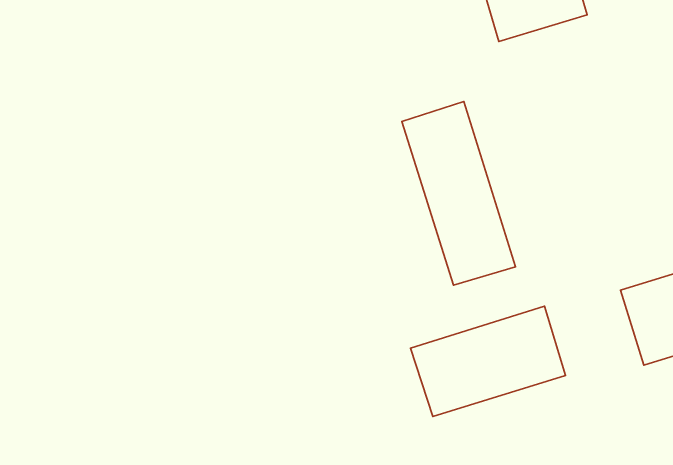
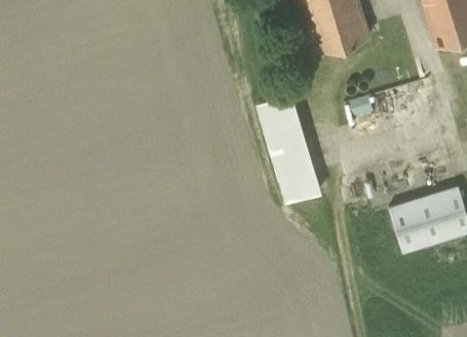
building: [411,306,566,416] -> none

